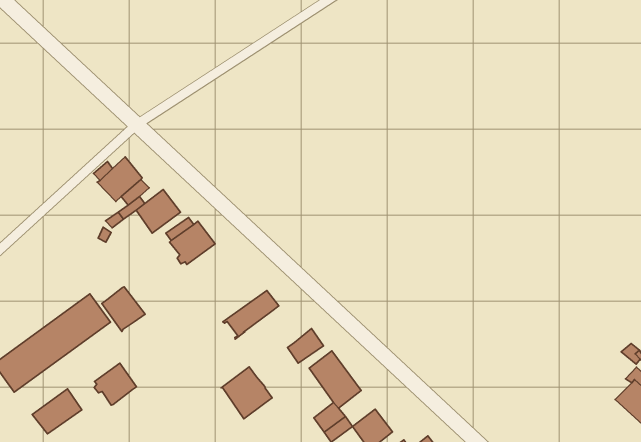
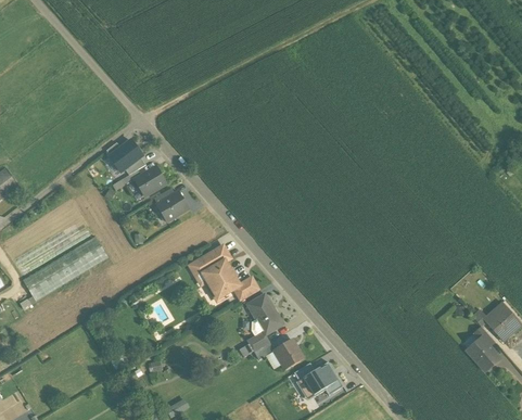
building: [102,287,145,331] -> none
building: [94,363,137,405] -> none
building: [221,367,272,419] -> [203,262,239,298]
building: [32,389,82,434] -> none

